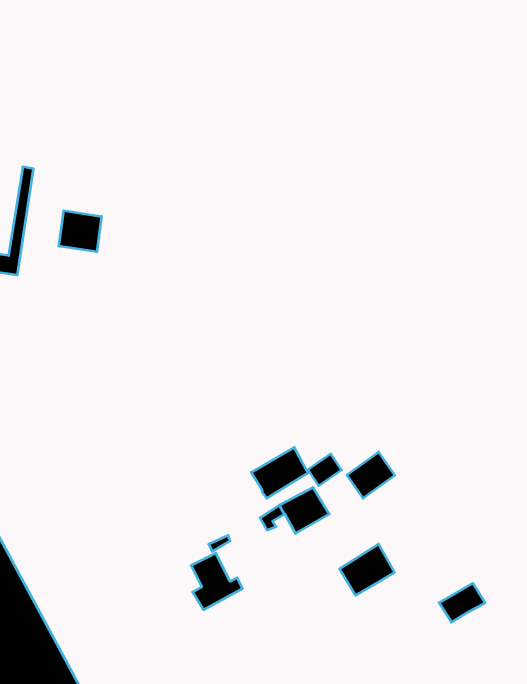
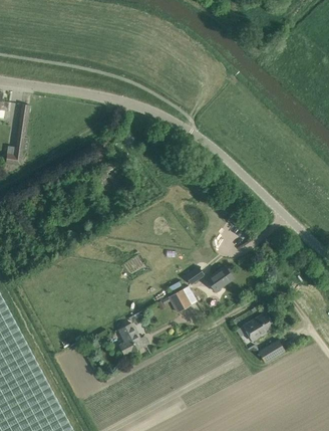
building: [59,211,102,252] -> none
building: [251,447,308,498] -> none
building: [340,544,394,595] -> [244,311,275,341]

